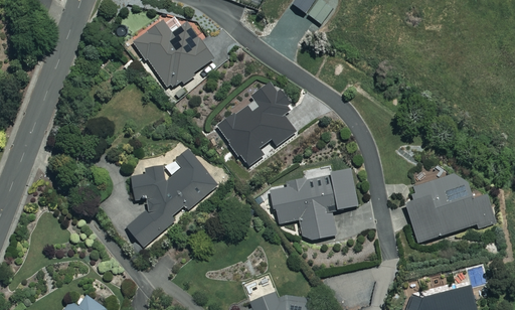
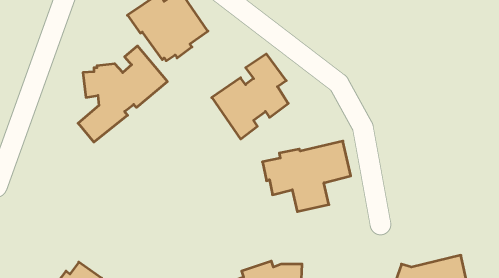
building: [127,147,217,245] -> [78,46,167,142]
building: [405,170,494,242] -> none

